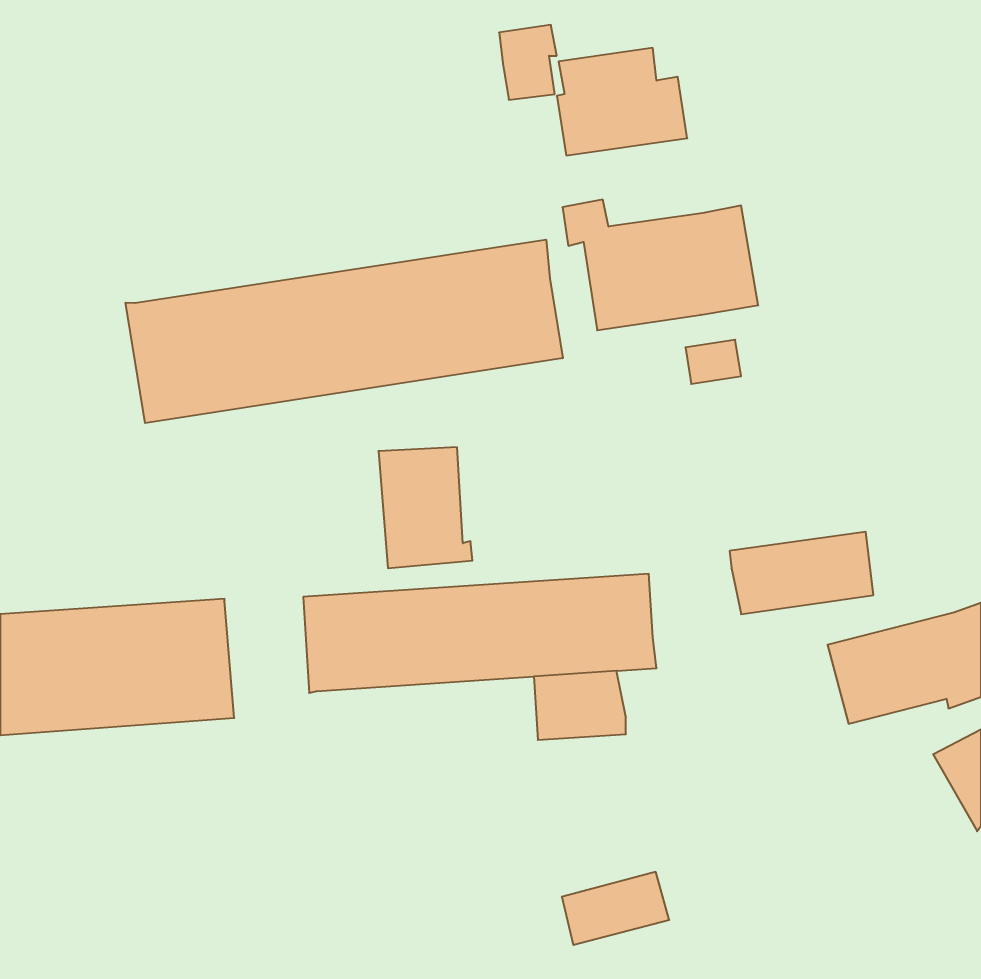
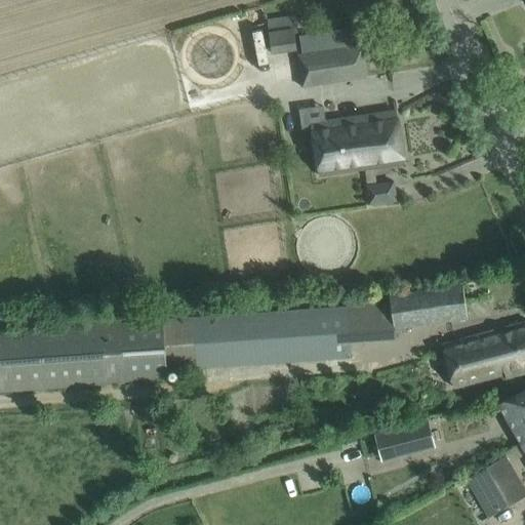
building: [126,240,563,423] -> none
building: [378,447,472,568] -> [120,320,170,385]
building: [534,671,626,740] -> [347,305,396,341]
building: none -> [468,457,517,517]
building: [562,872,669,945] -> [376,422,434,461]

